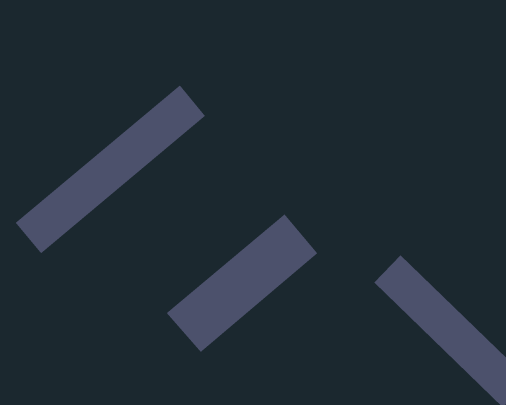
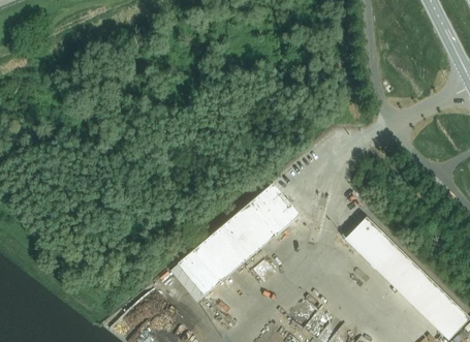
building: [15,85,206,254] -> none

